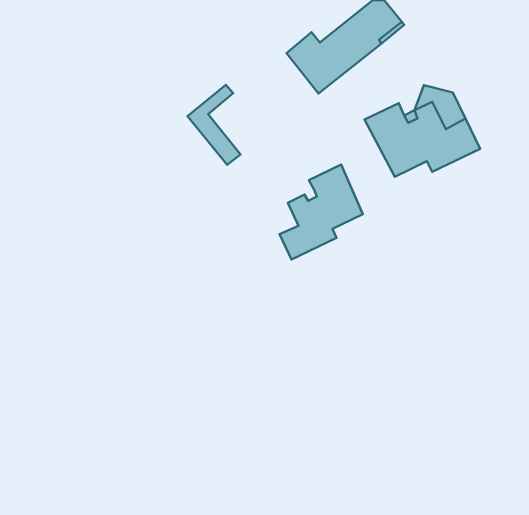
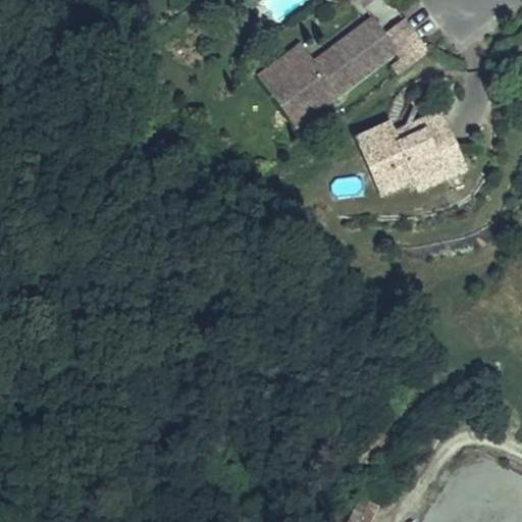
building: [187,85,241,165] -> [260,40,312,118]
building: [279,164,363,260] -> none

